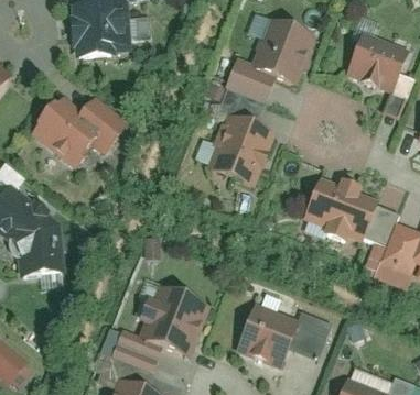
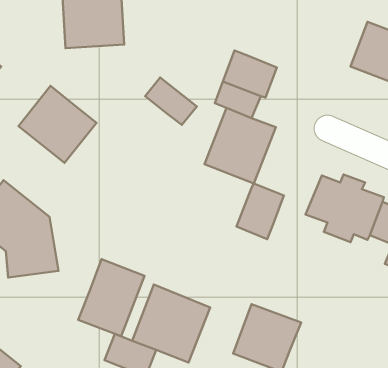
building: [250,17,316,84] -> none
building: [82,94,131,139] -> [145,78,197,125]
building: none -> [236,184,284,239]
building: none -> [78,259,144,336]
building: [289,312,332,359] -> none

